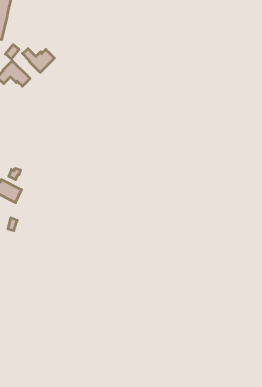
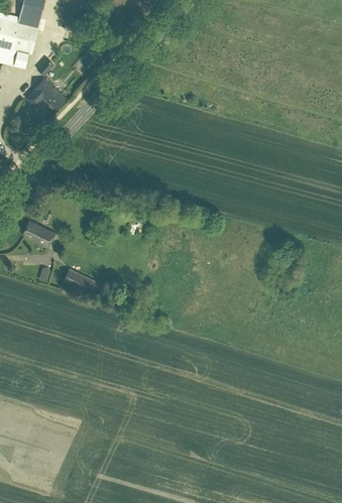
building: [22,49,54,72] -> none
building: none -> [63,269,95,294]

